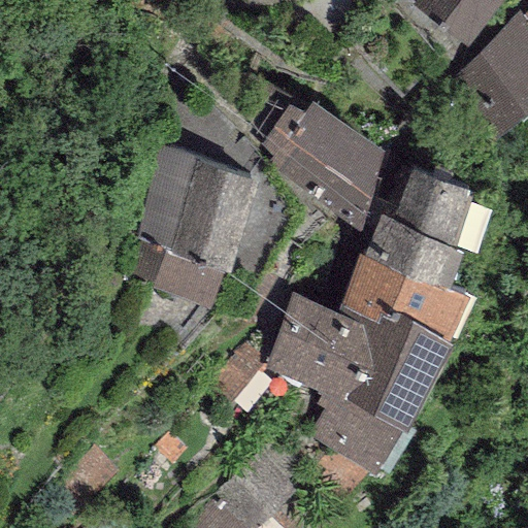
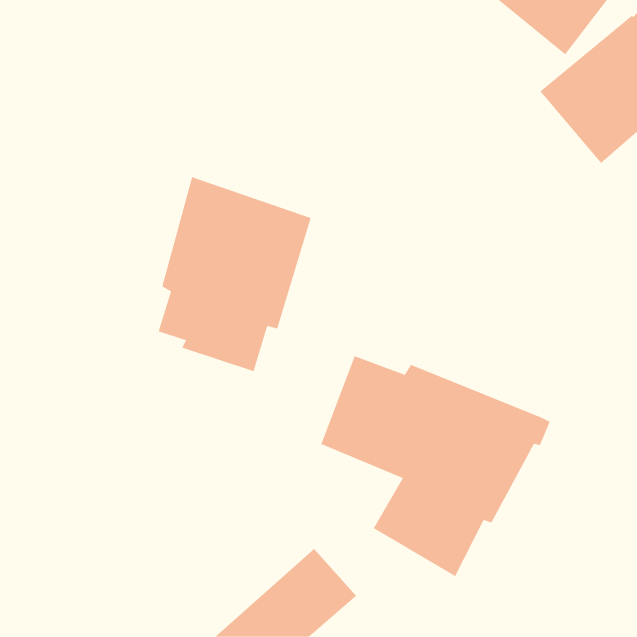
building: [262,99,386,228] -> none
building: [340,167,474,344] -> none

